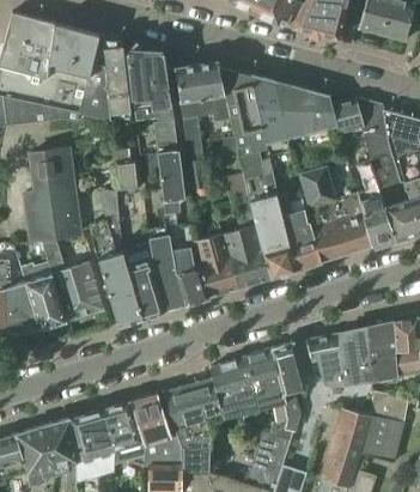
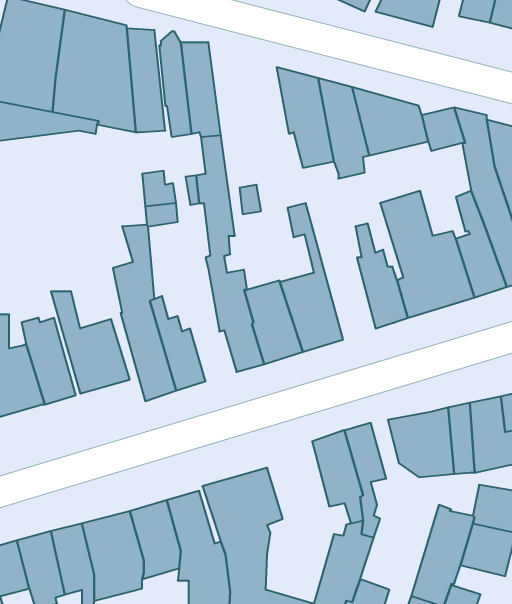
building: [174,61,227,157] -> none
building: [238,141,294,279] -> none
building: [26,148,79,241] -> none
building: [150,225,187,311] -> none
building: [208,358,258,418] -> none

